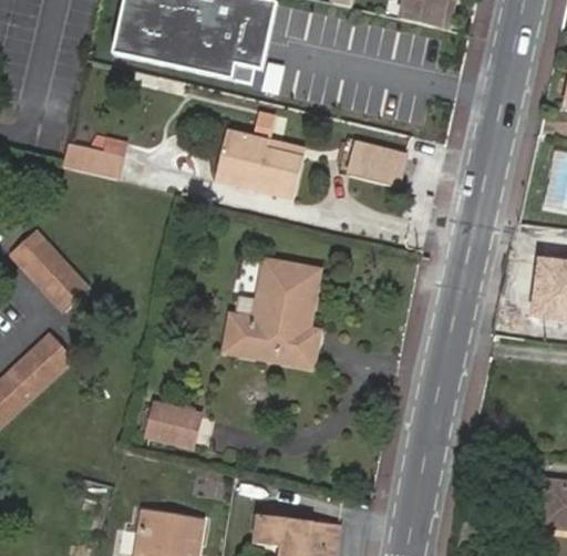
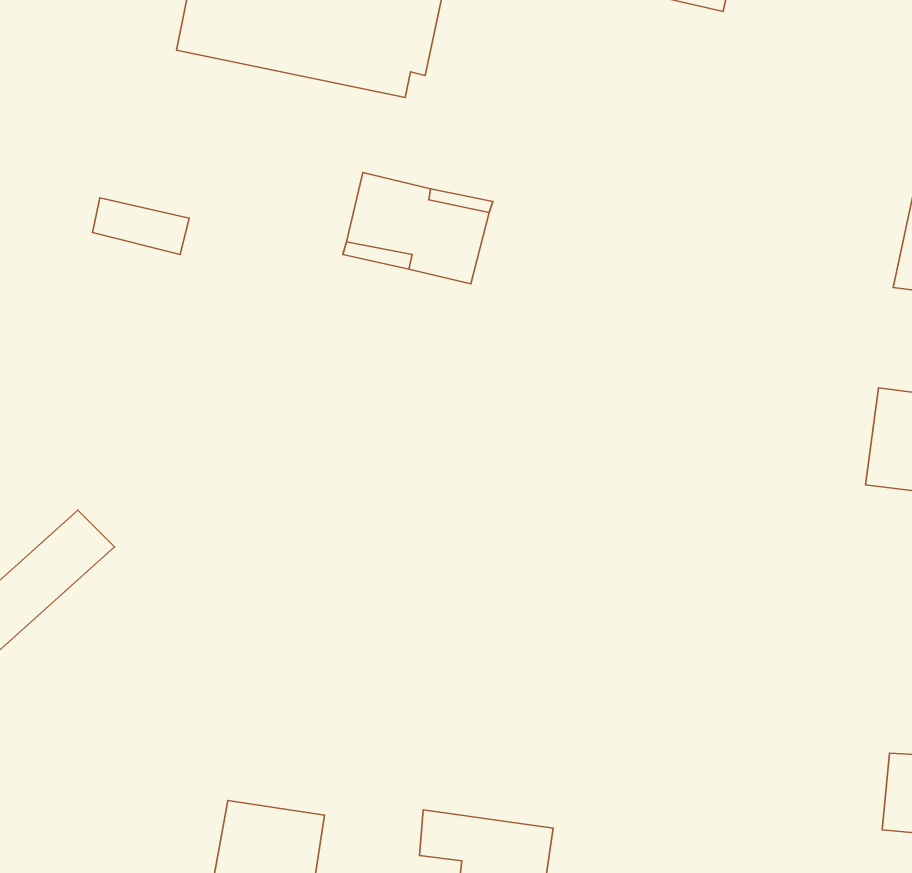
building: [348,143,402,183] -> none
building: [11,226,90,309] -> none
building: [227,264,318,367] -> none
building: [147,404,199,445] -> none

